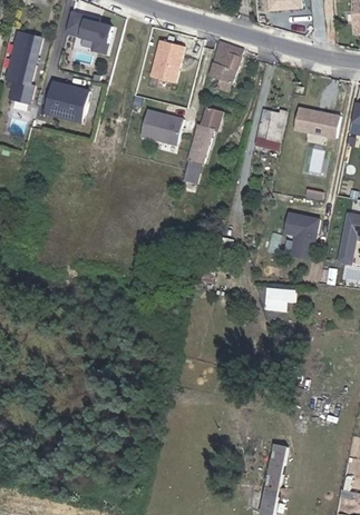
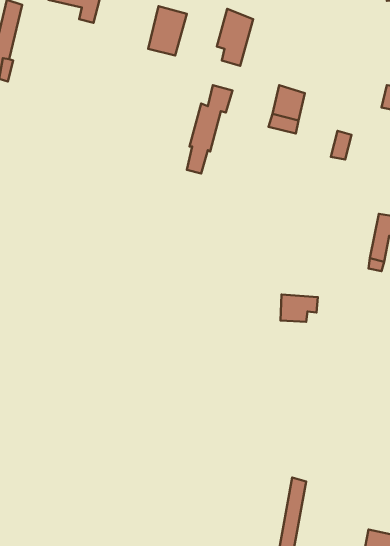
building: [45,85,88,120] -> none
building: [138,108,182,143] -> none
building: [294,110,340,140] -> none
building: [283,217,318,263] -> none

